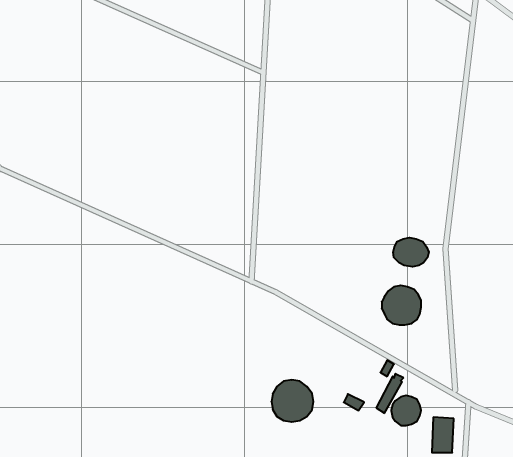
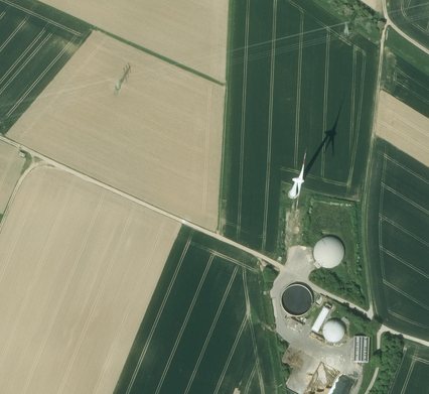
building: [393,238,429,267] -> none
building: [271,380,313,422] -> [281,284,312,315]

